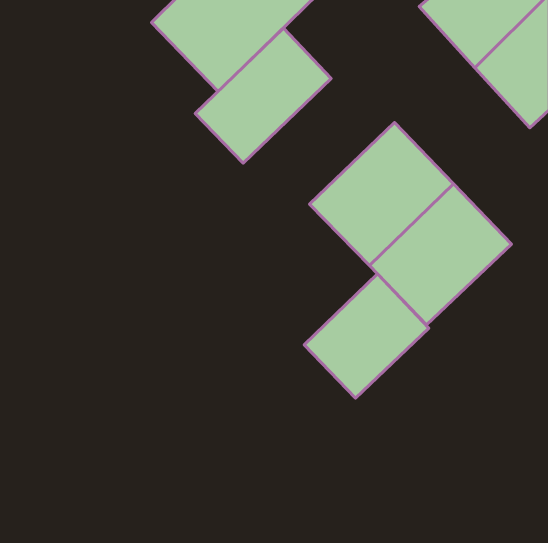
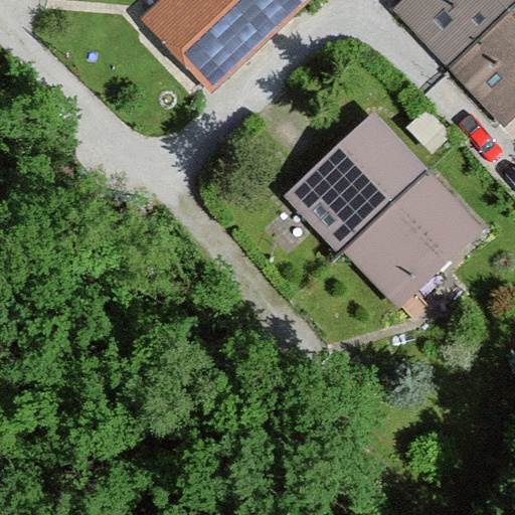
building: [195,28,331,163] -> none
building: [304,274,429,398] -> none

